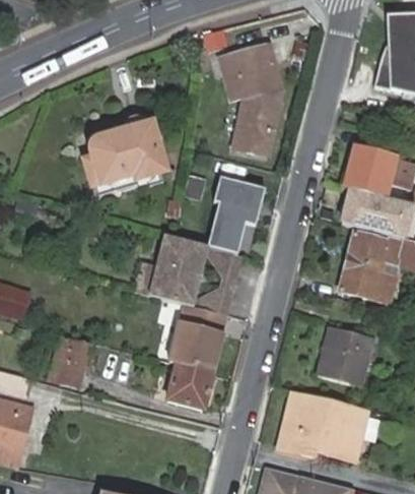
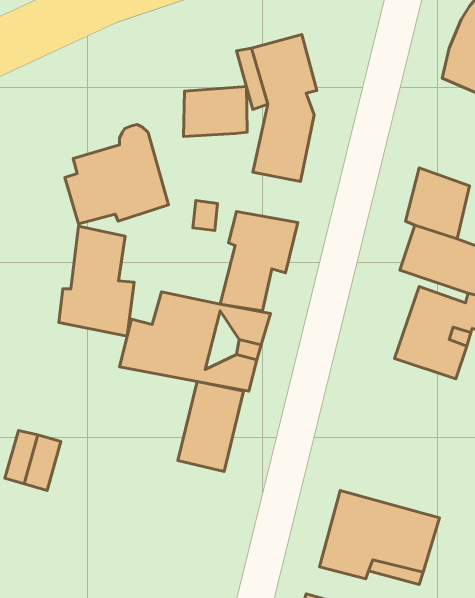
building: none -> [183,87,247,136]
building: none -> [59,226,134,336]
building: [320,325,373,383] -> none
building: [163,365,209,409] -> none

